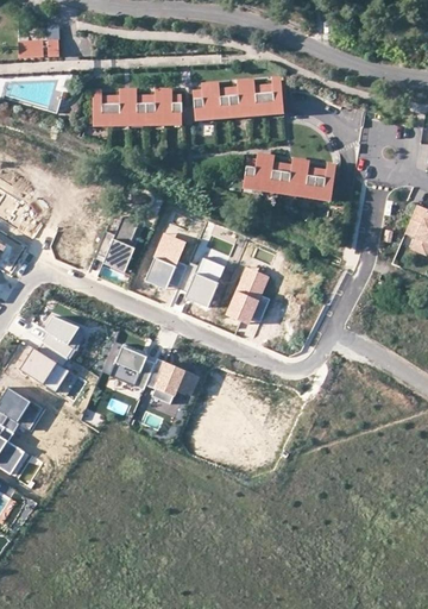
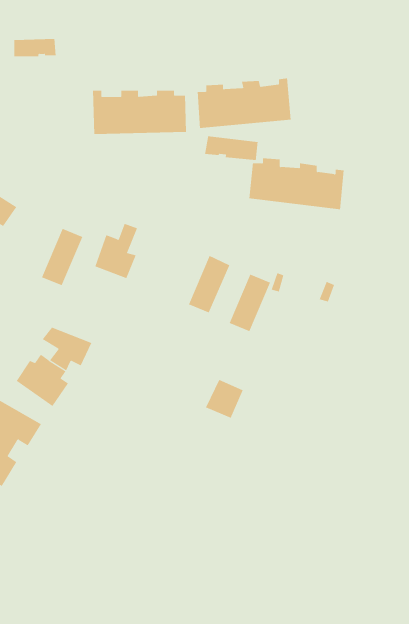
building: none -> [204,135,258,161]
building: [144,231,184,287] -> [41,228,83,286]
building: [111,346,147,384] -> none
building: [147,358,184,396] -> [205,379,243,419]

